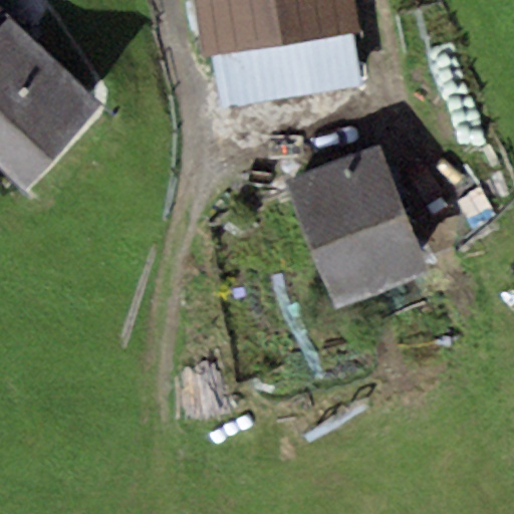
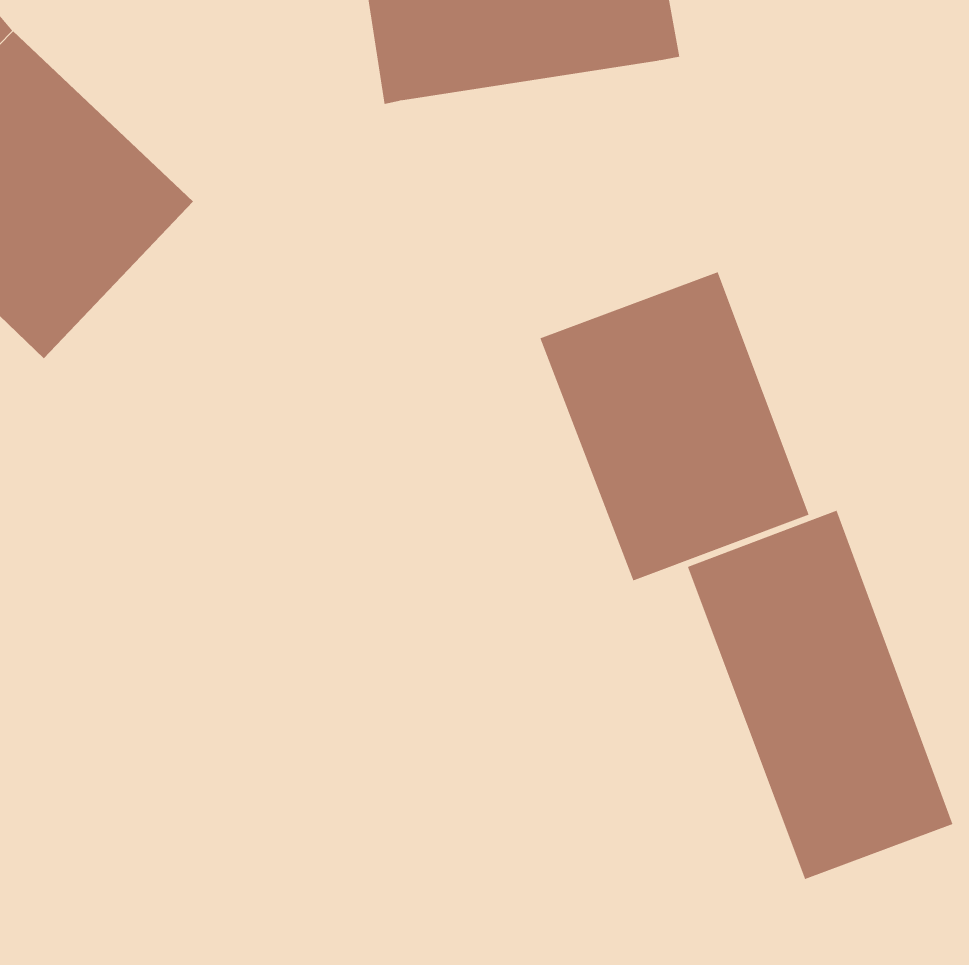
building: [212,32,356,105] -> none
building: none -> [687,510,953,880]

